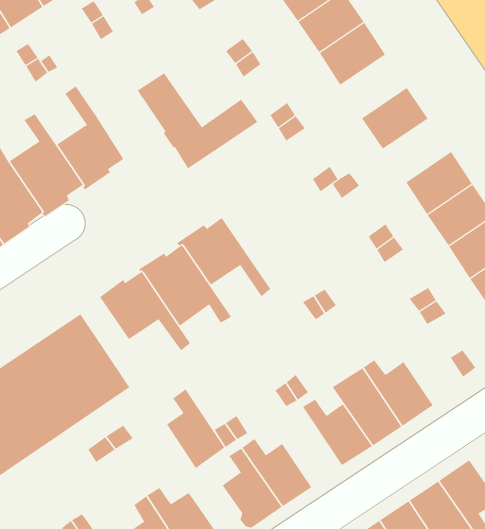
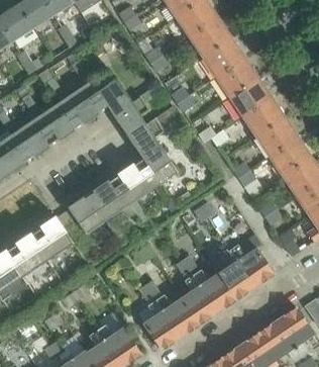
building: none -> [215,58,256,97]
building: none -> [66,61,107,124]
building: none -> [241,97,284,136]
building: none -> [121,116,177,183]
building: [166,389,225,469] -> [180,275,216,325]

